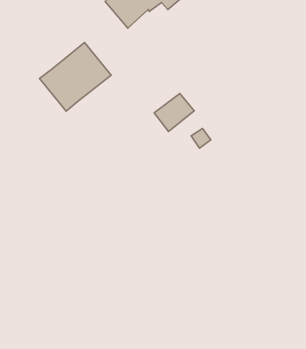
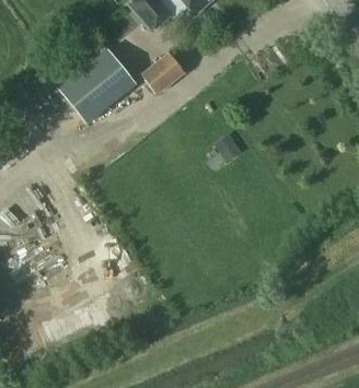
building: [154,93,194,131] -> [140,52,183,93]

